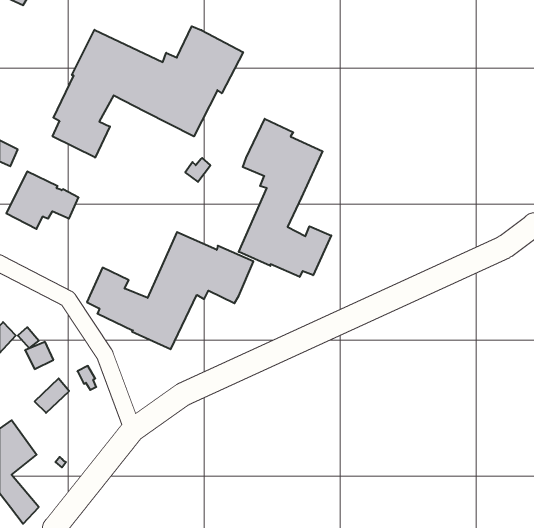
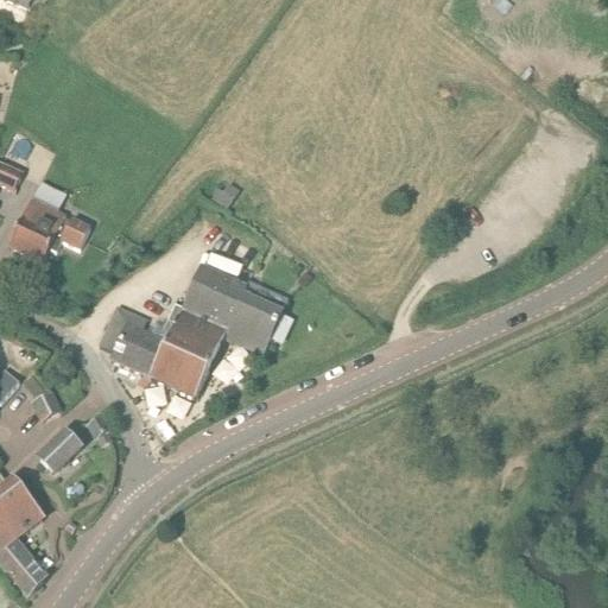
building: [53,26,243,158] -> none
building: [239,119,331,277] -> none

